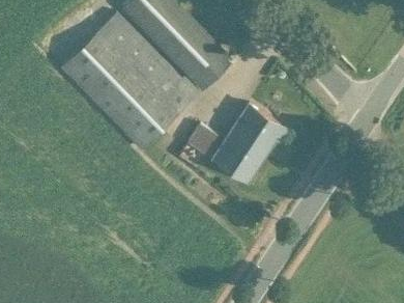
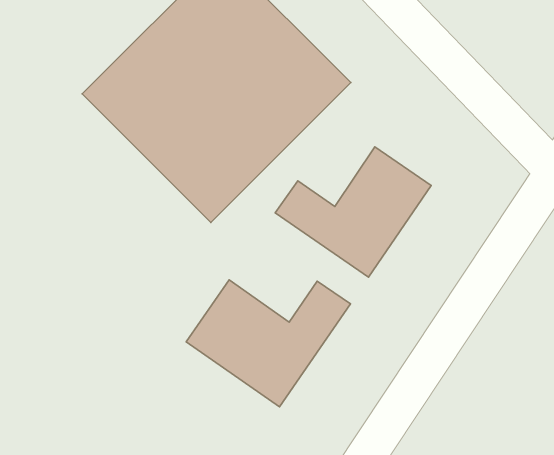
building: none -> [186,280,350,407]

